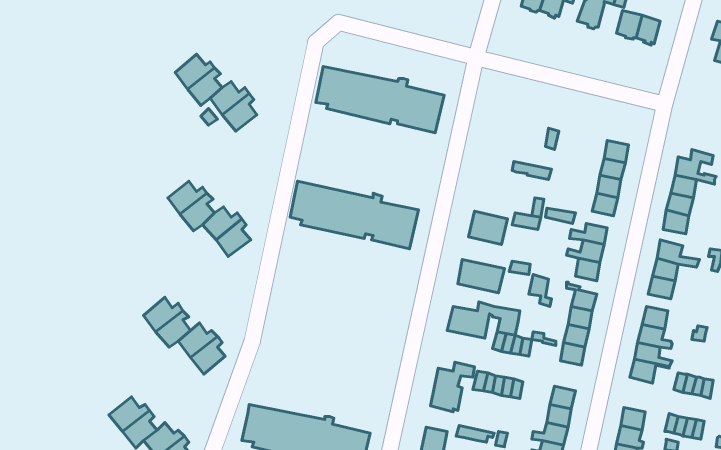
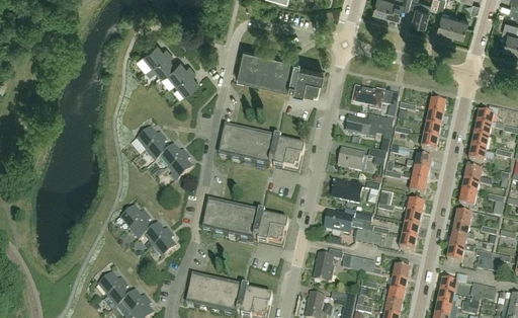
building: none -> [353,87,384,109]
building: none -> [346,116,378,137]
building: none -> [203,203,289,247]

